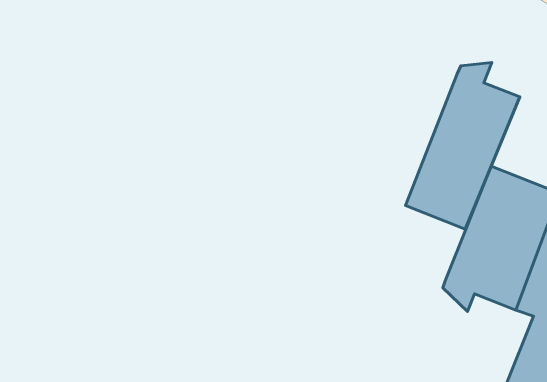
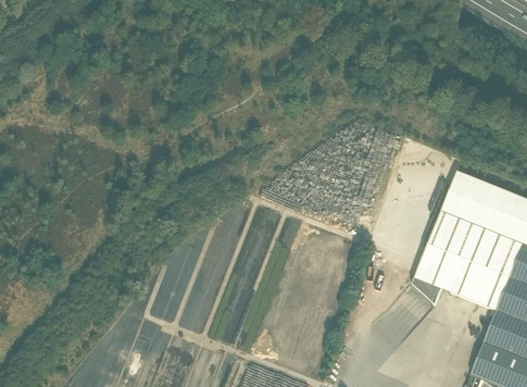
building: [406,62,520,229] -> none

